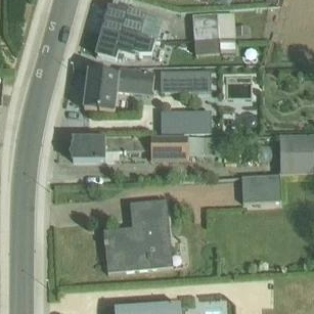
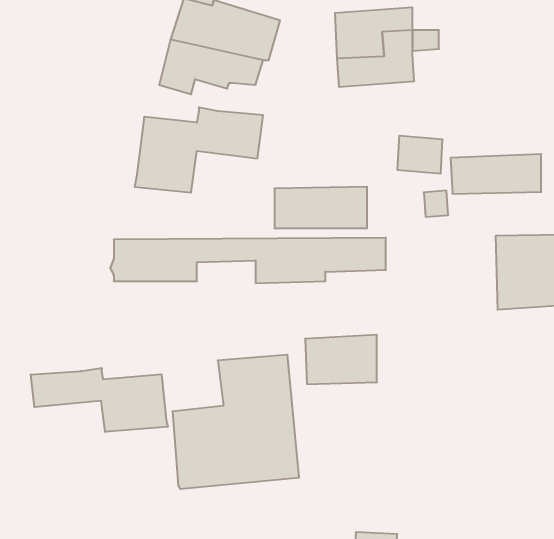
building: [161,70,210,91] -> [451,154,541,194]
building: [241,175,280,201] -> [305,335,377,384]
building: none -> [31,368,168,432]

